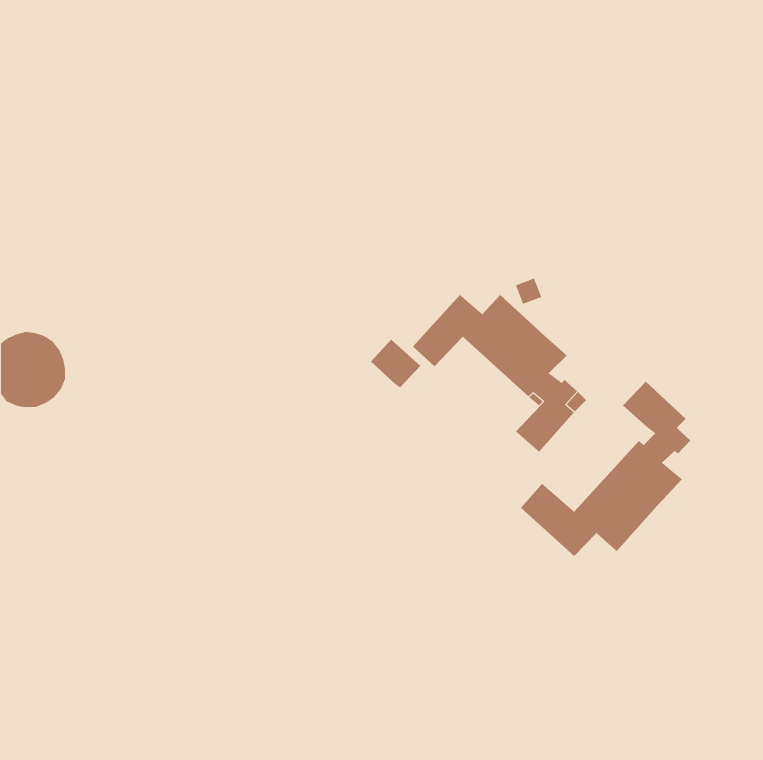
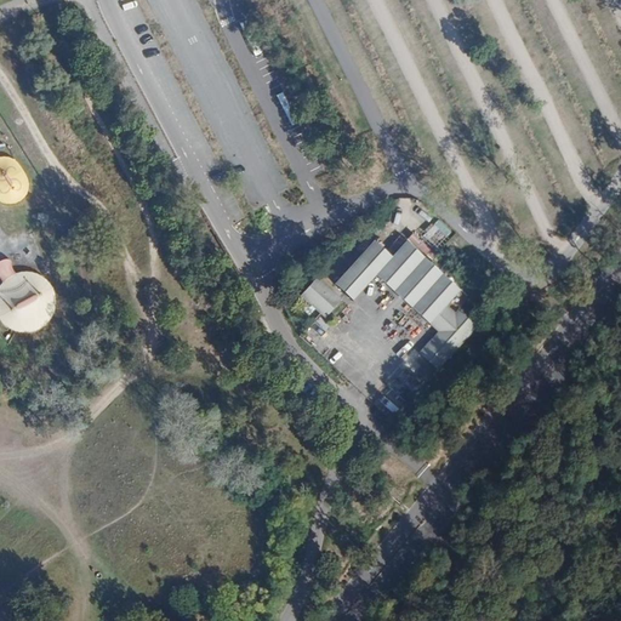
building: [520,381,691,557] -> none

